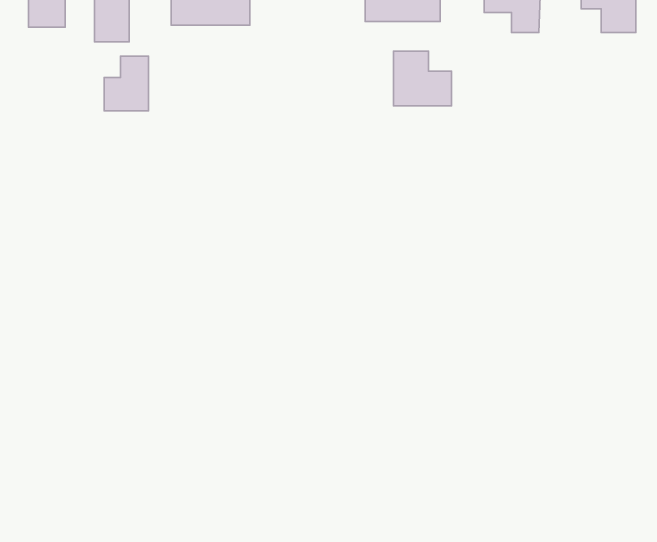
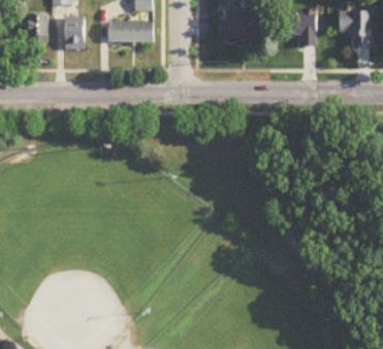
building: [394,51,451,106] -> none
building: [104,56,149,111] -> none

